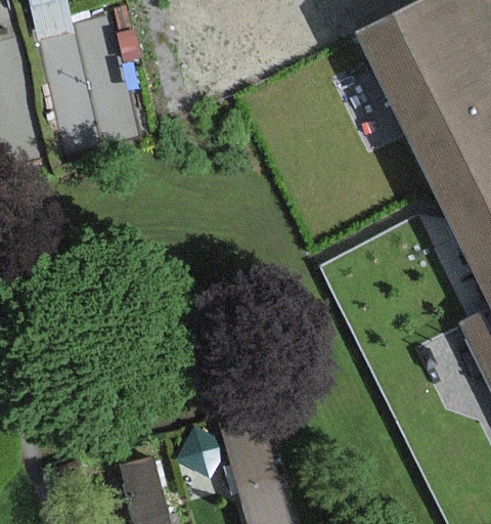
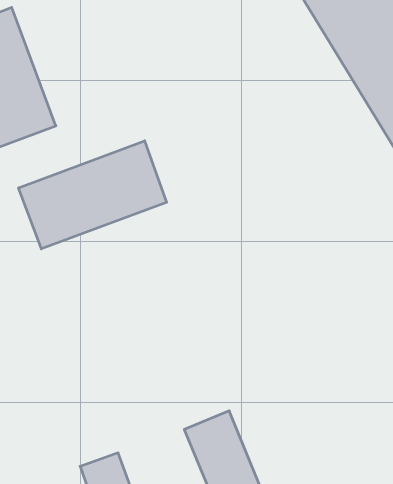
building: none -> [19,141,167,249]

